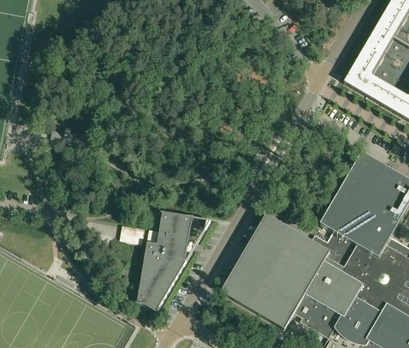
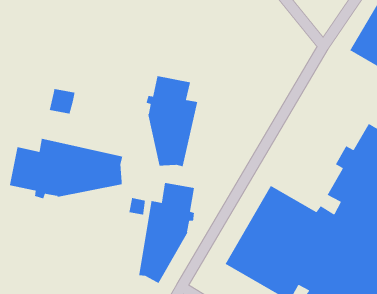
building: none -> [145,75,198,168]
building: none -> [8,138,124,199]

